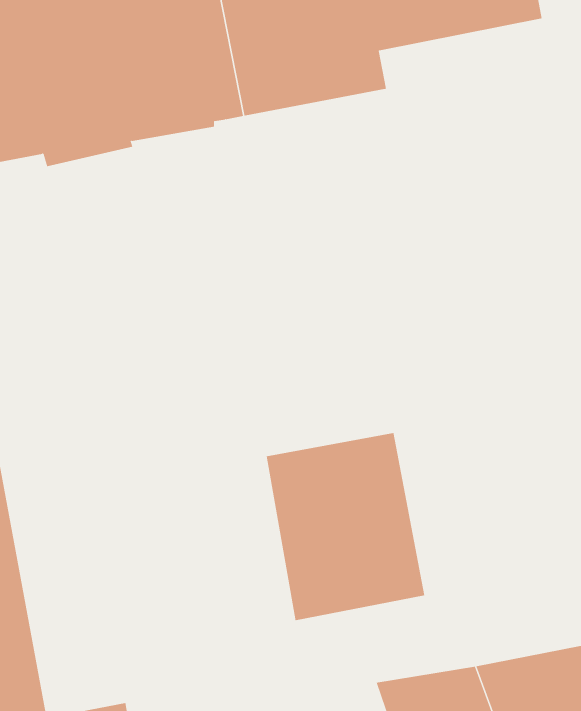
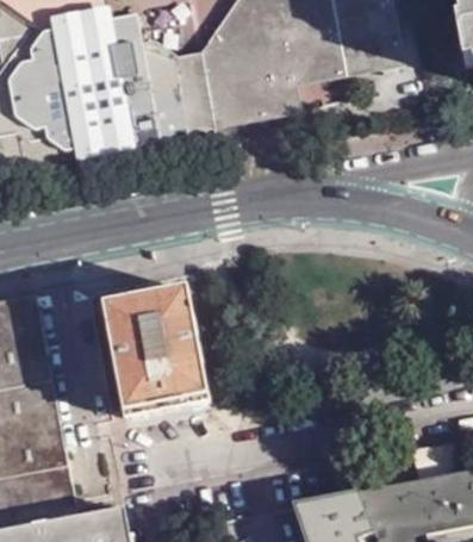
building: [266,433,425,621] -> [104,291,209,415]

